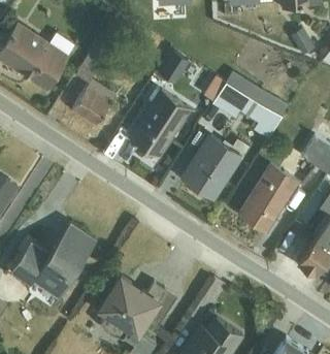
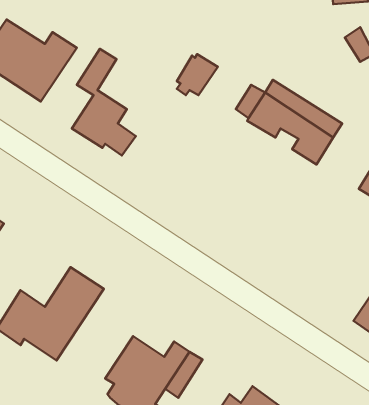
building: [134,92,190,158] -> none
building: [184,135,248,196] -> none
building: [239,165,299,232] -> none

